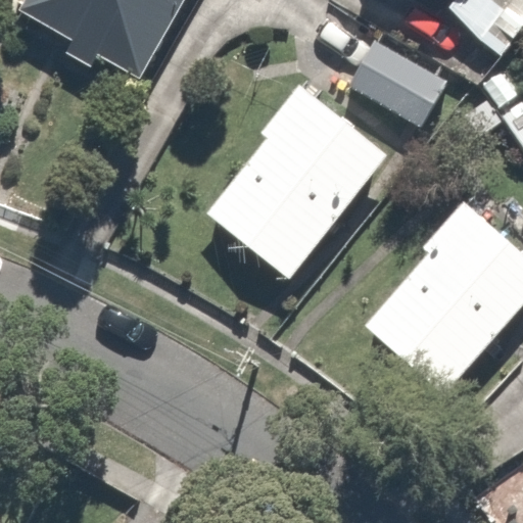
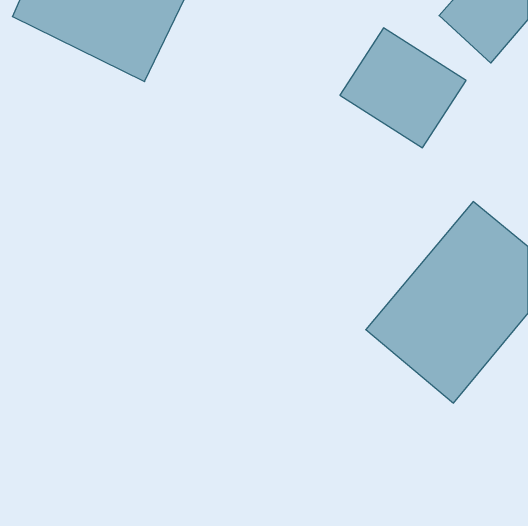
building: [201,73,398,280] -> none

